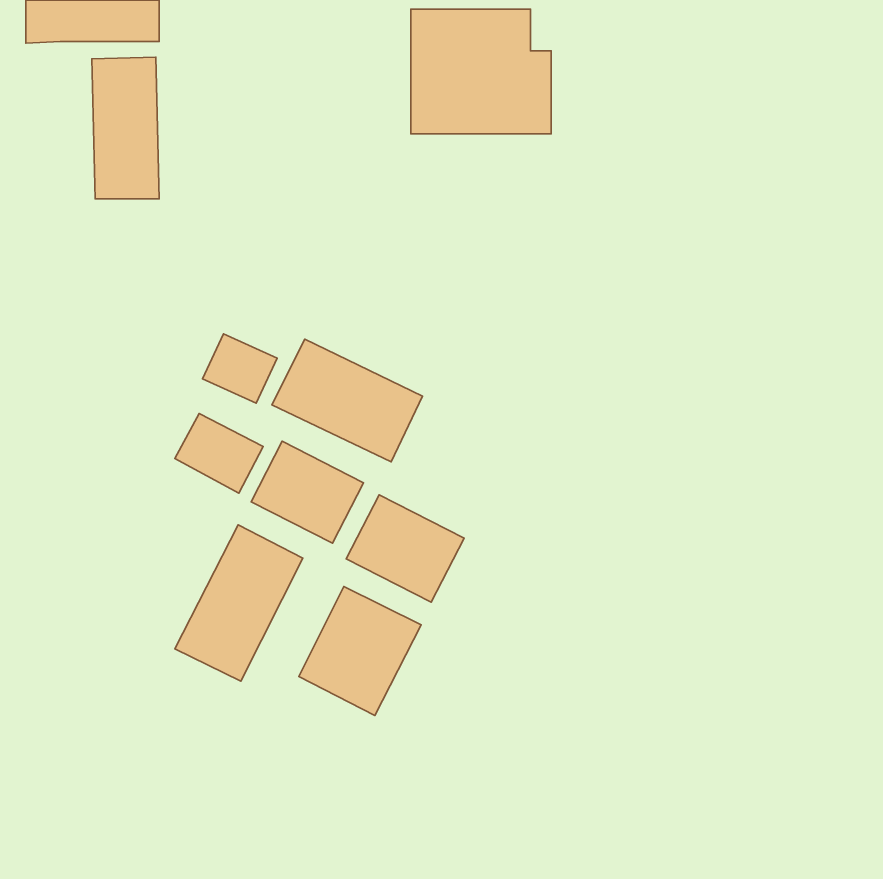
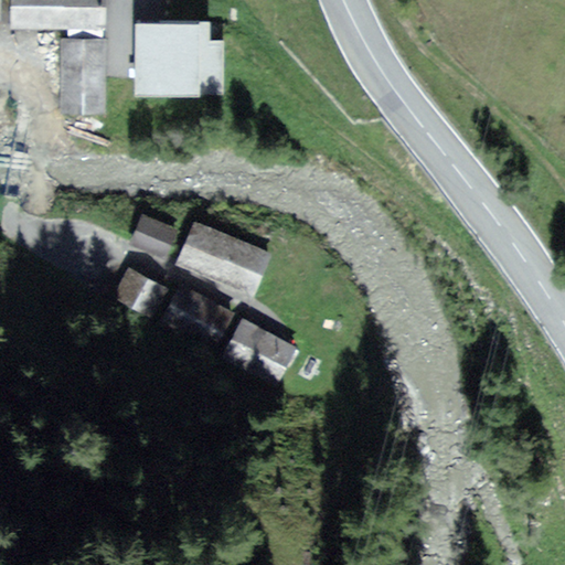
building: [411,9,551,134] -> [134,13,223,93]
building: [175,525,303,681] -> none
building: [299,587,421,716] -> none

